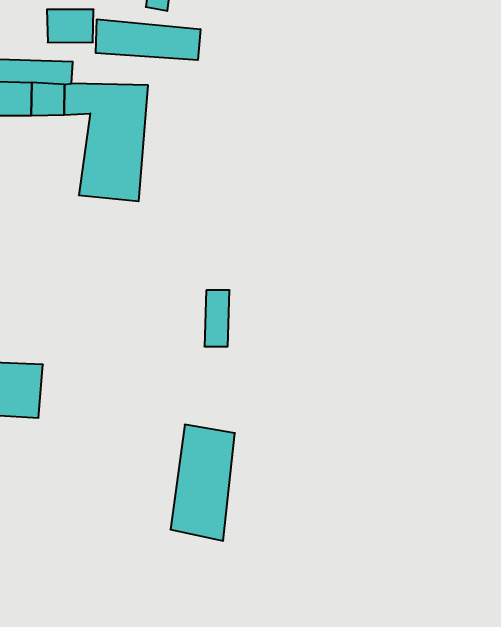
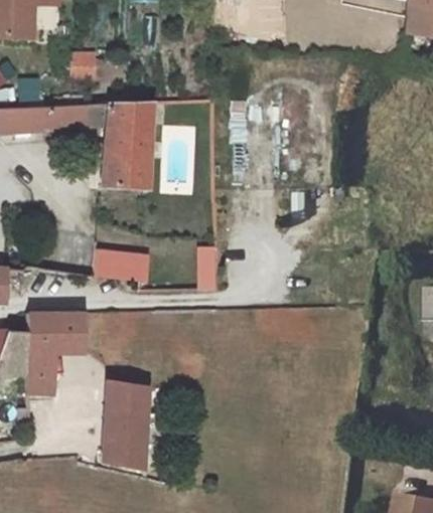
building: [96,19,200,60] -> none
building: none -> [92,253,145,285]
building: [170,425,235,541] -> [103,384,146,468]

